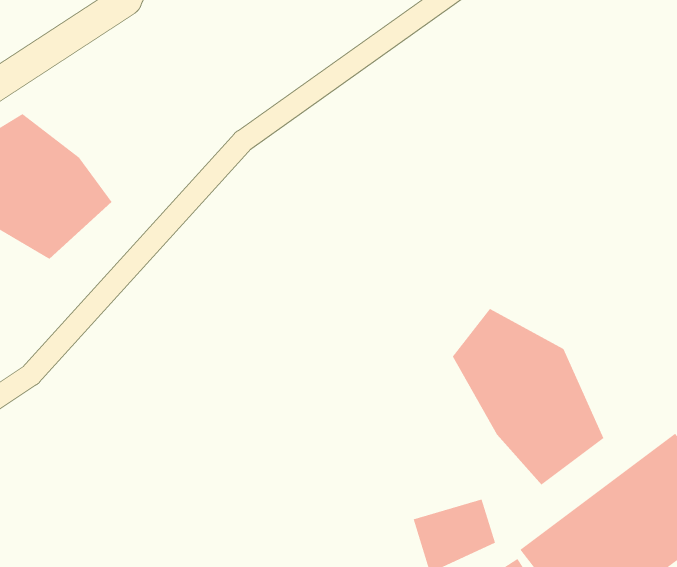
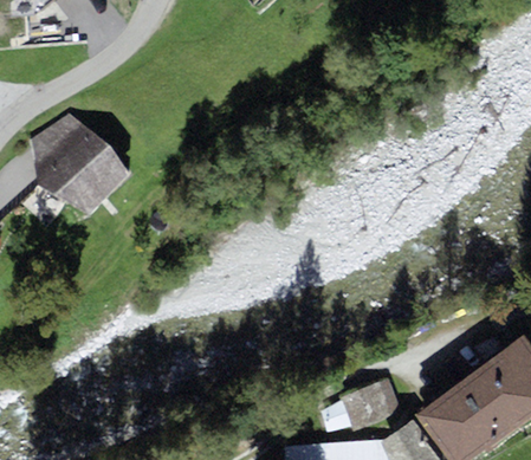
building: [452,308,604,485] -> none

